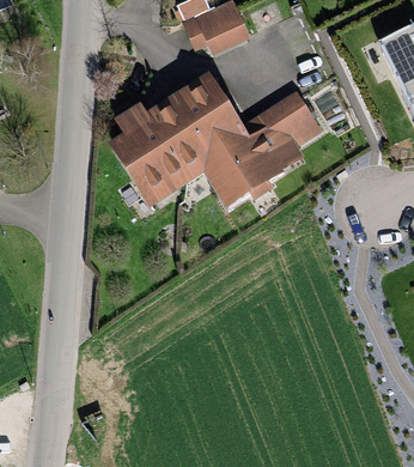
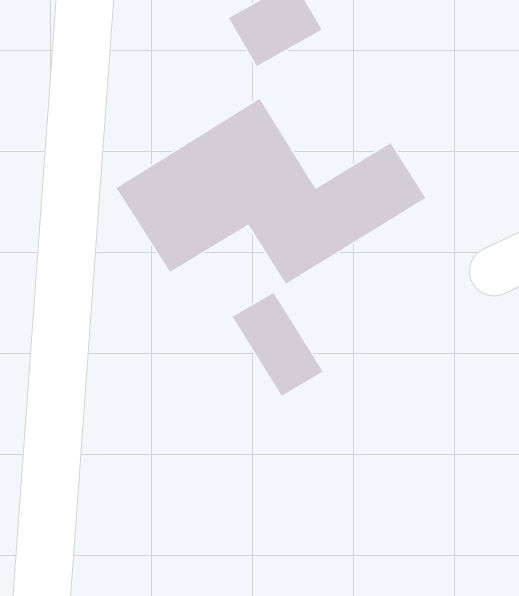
building: none -> [232,292,324,397]

